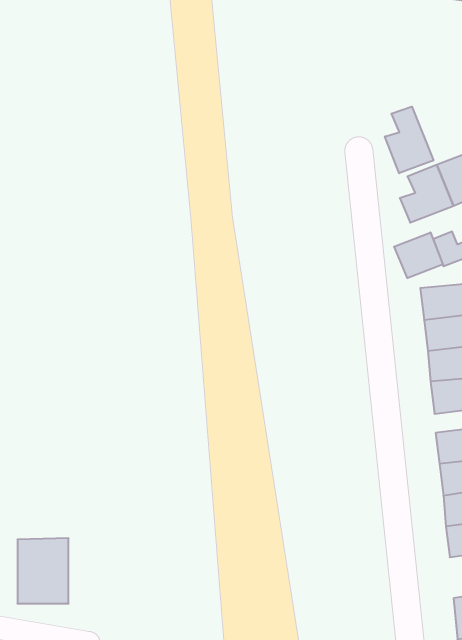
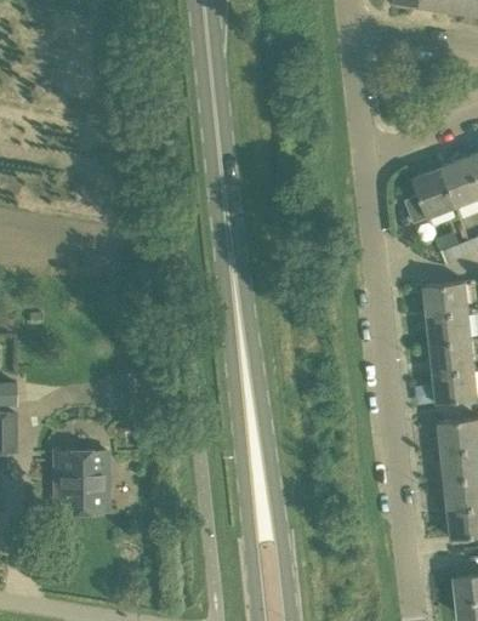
building: [385,107,433,173] -> none
building: [394,232,443,278] -> none
building: [17,538,69,604] -> [57,450,106,512]

